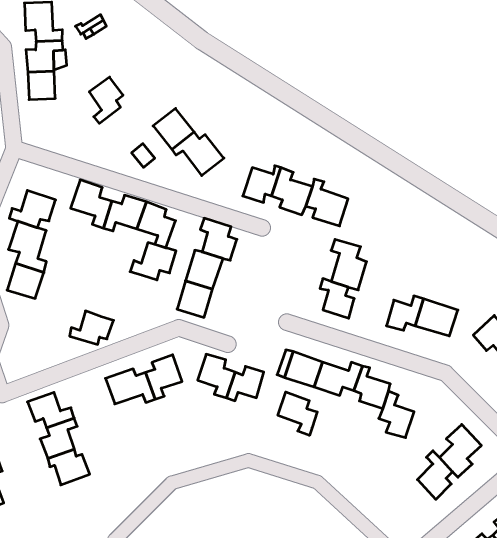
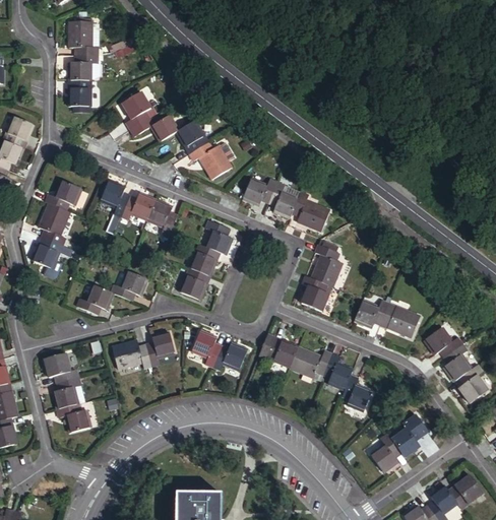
building: none -> [125,112,175,140]
building: [130,243,176,280] -> [113,269,153,302]
building: [278,392,317,435] -> none

